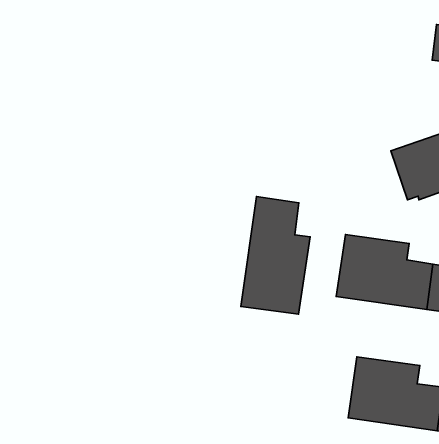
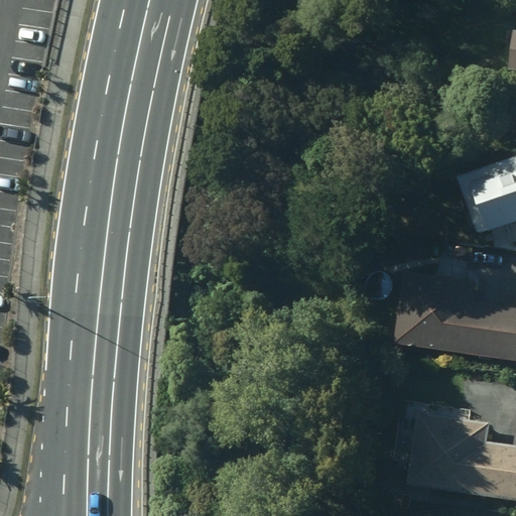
building: [241,196,310,314] -> none

